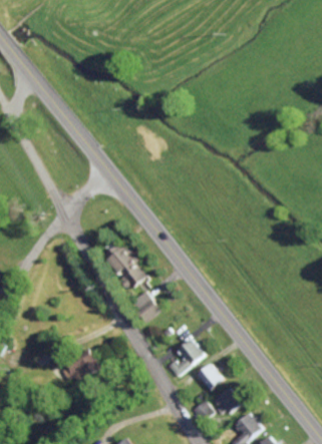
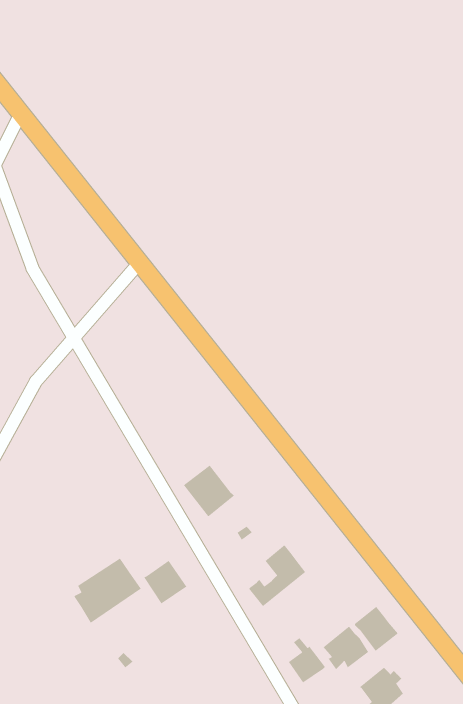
building: [105,243,147,288] -> none
building: none -> [143,560,188,604]
building: [198,363,225,391] -> [354,605,399,652]

